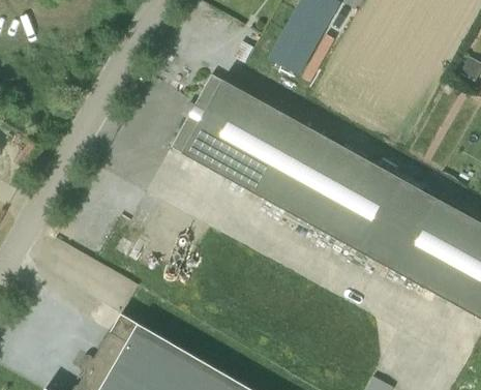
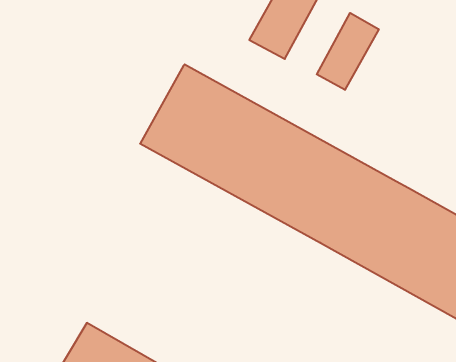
building: none -> [317,13,379,90]

